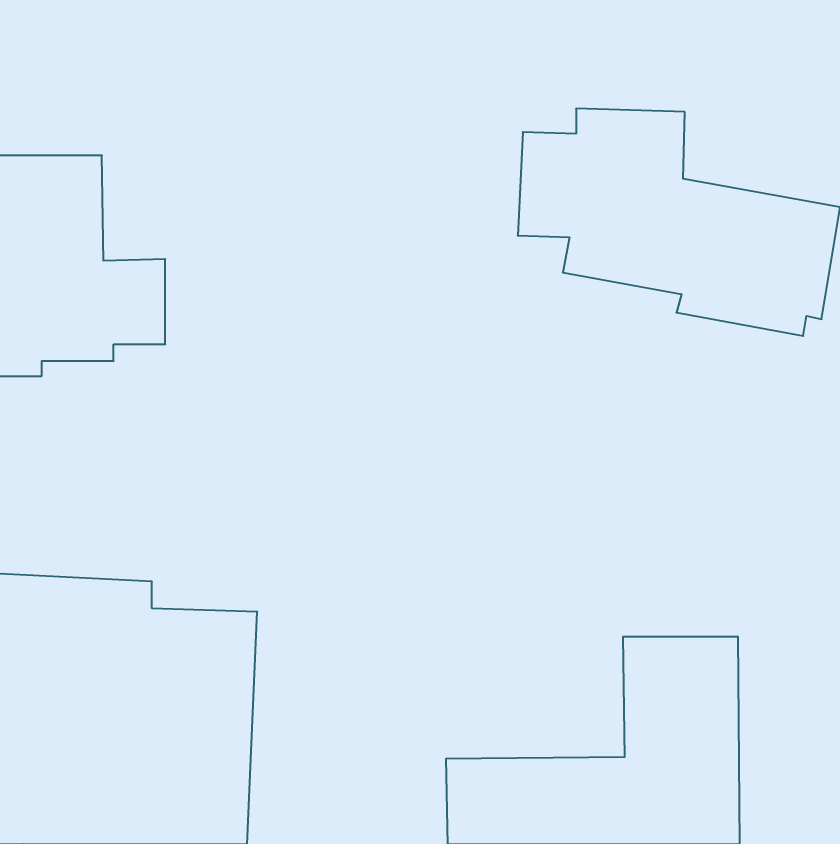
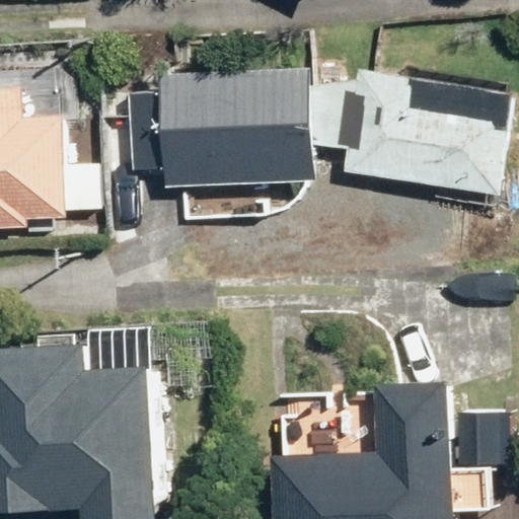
building: none -> [163,65,307,187]

